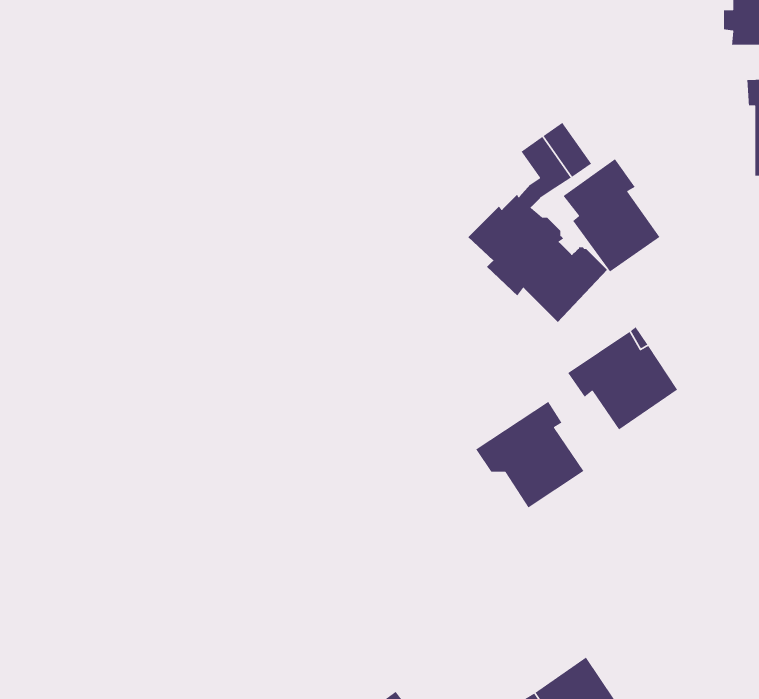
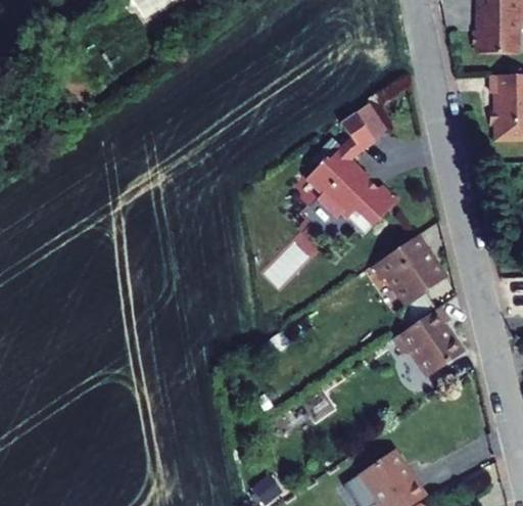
building: [563,158,660,273] -> none
building: [475,401,584,508] -> [393,308,465,378]

